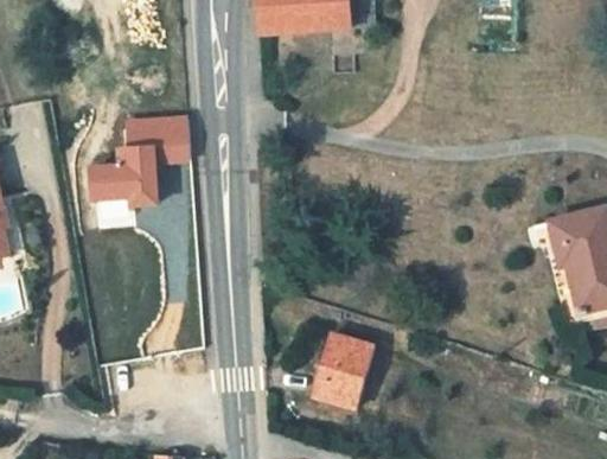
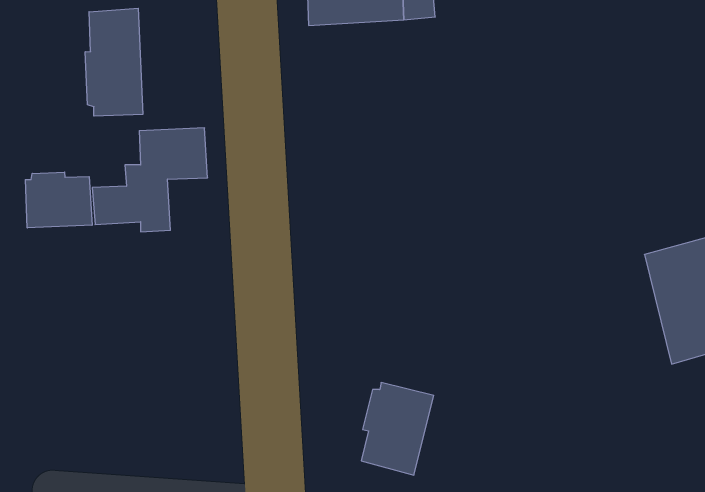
building: none -> [85,8,143,116]
building: none -> [25,172,92,228]

